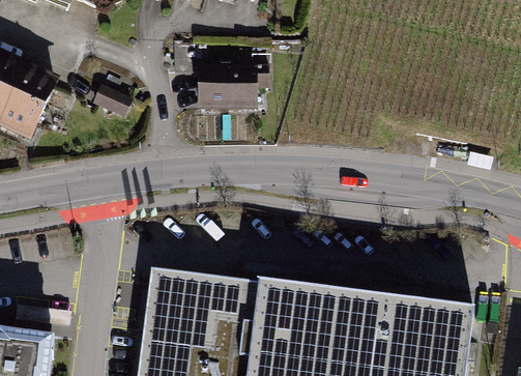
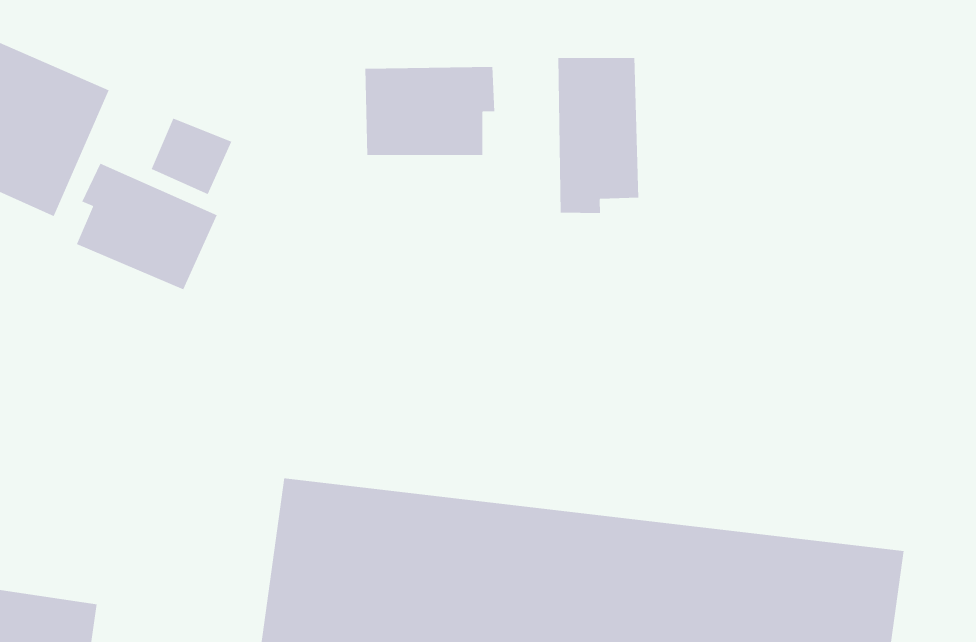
building: none -> [558,57,639,214]
building: none -> [76,163,218,290]

